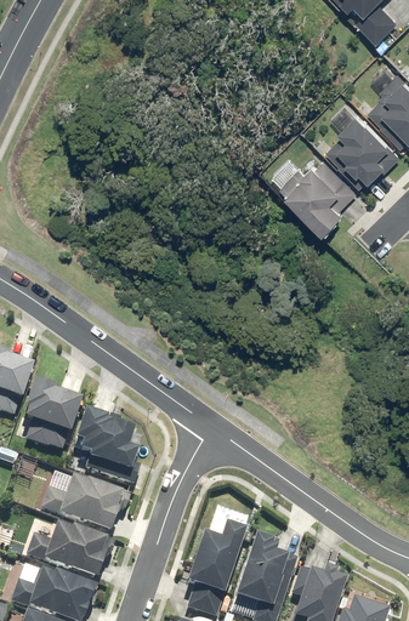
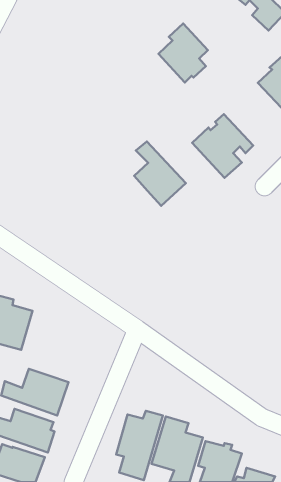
building: [329,109,392,184] -> [158,23,208,82]
building: none -> [134,142,186,206]
building: [76,409,142,479] -> none

